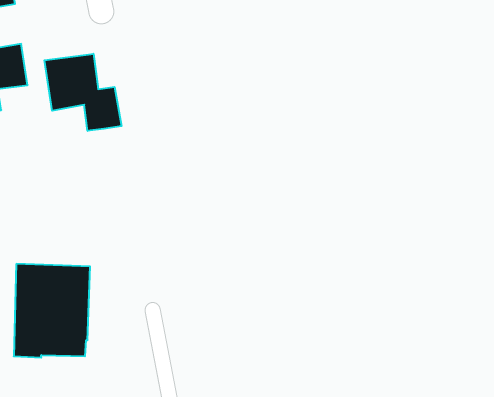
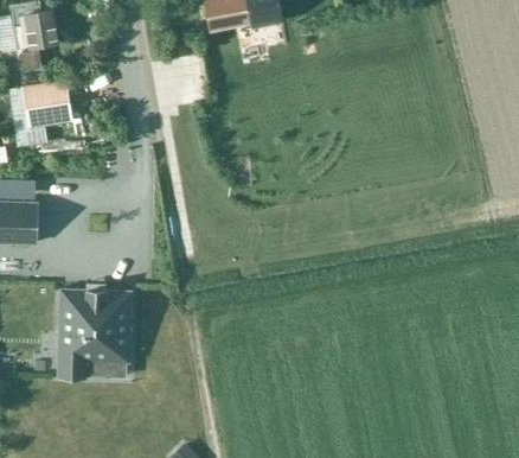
building: [44,54,122,131] -> none

